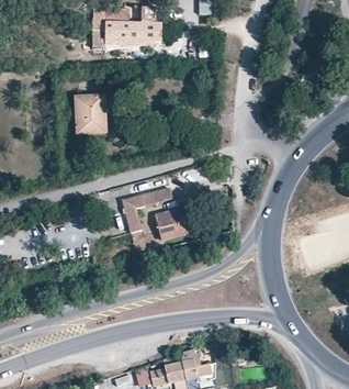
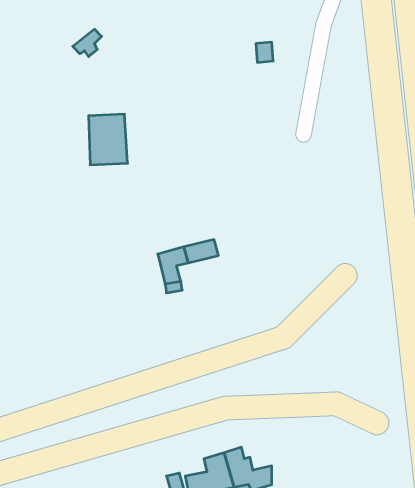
building: [95,21,156,47] -> none
building: [156,208,193,238] -> none

